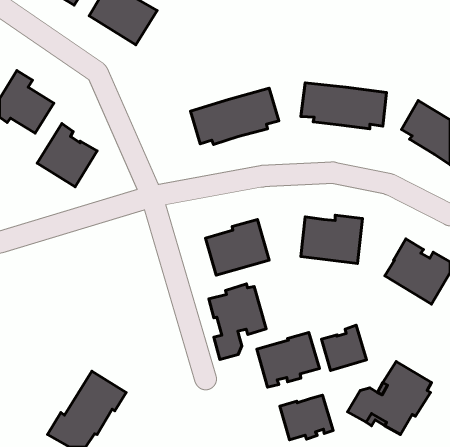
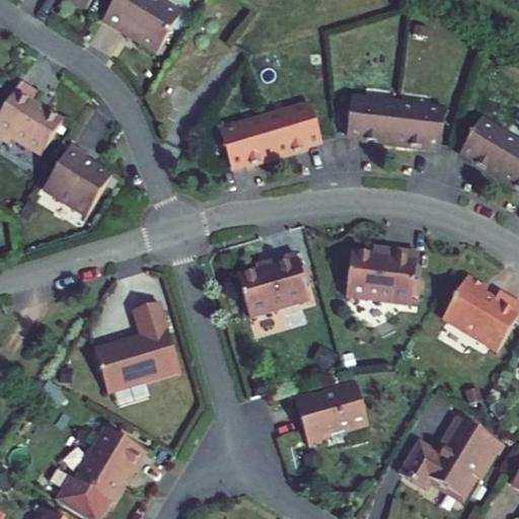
building: none -> [93,300,179,391]
building: [209,284,266,359] -> none
building: [322,325,366,371] -> none
building: [280,395,333,440] -> none

